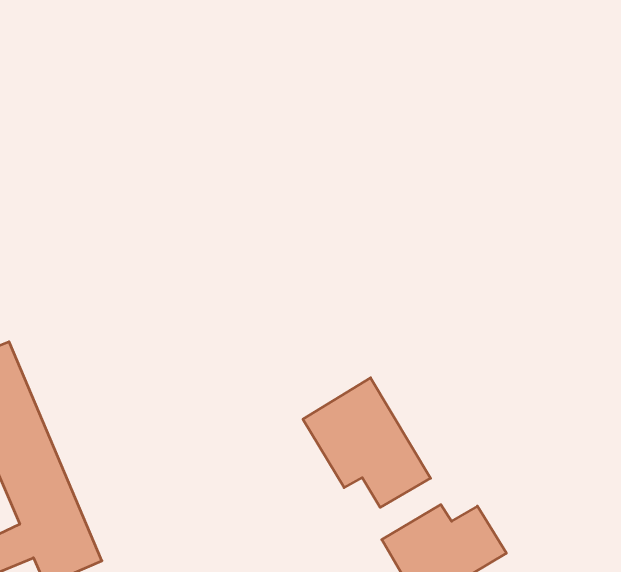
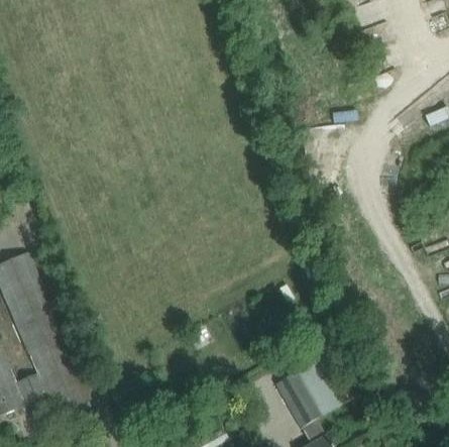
building: [303,378,431,507] -> none

